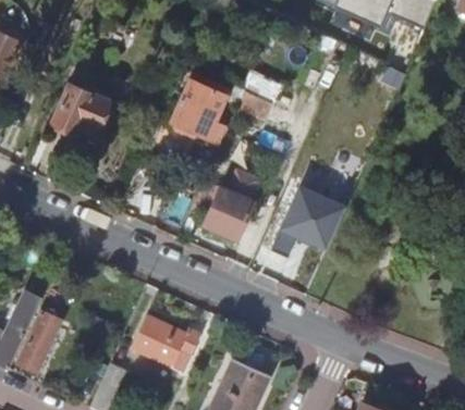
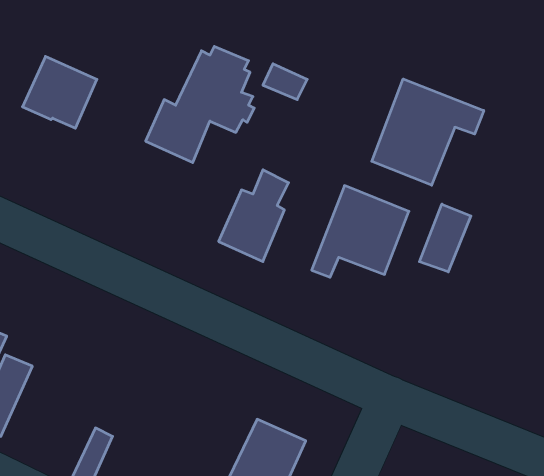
building: none -> [372,79,484,185]
building: none -> [419,204,471,272]
building: [133,315,198,368] -> none

